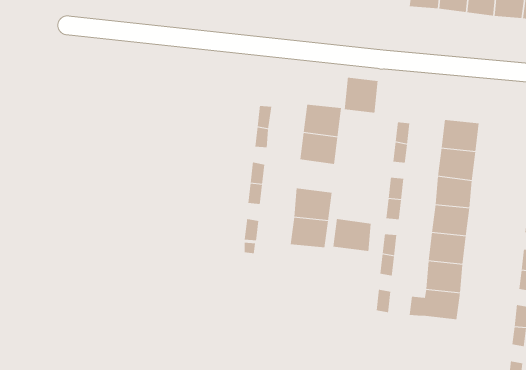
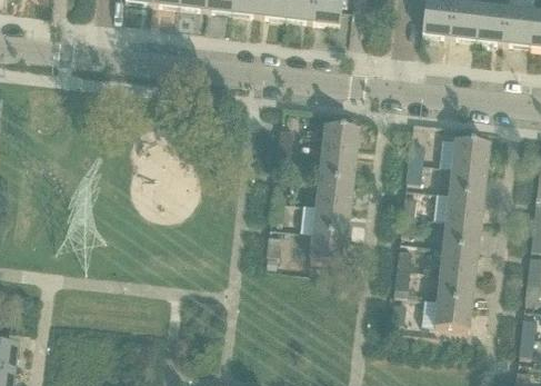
building: [344,77,378,114] -> none
building: [333,219,371,252] -> [314,176,351,207]

